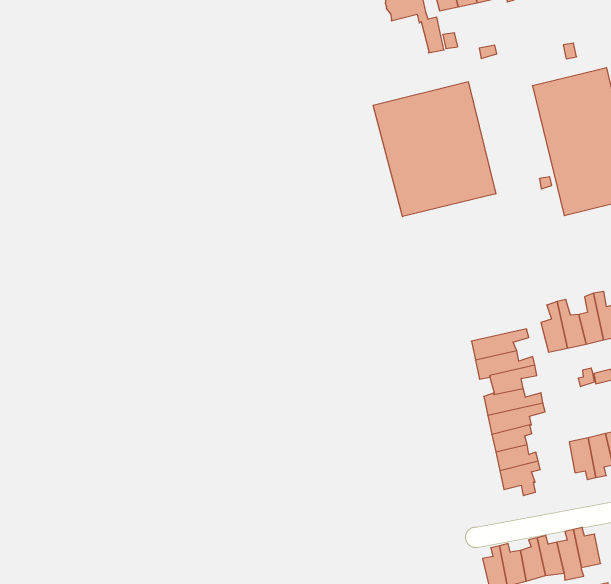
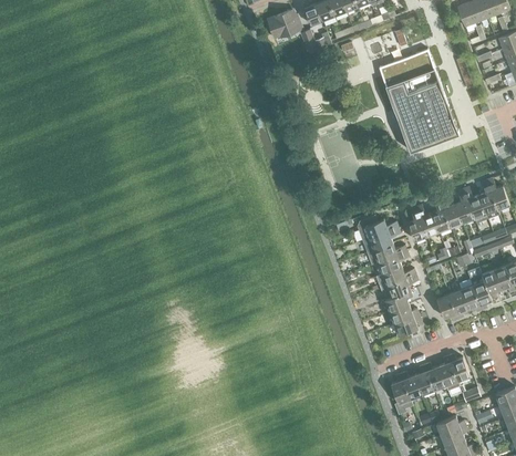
building: [373,82,496,217] -> none
building: none -> [357,215,398,241]

